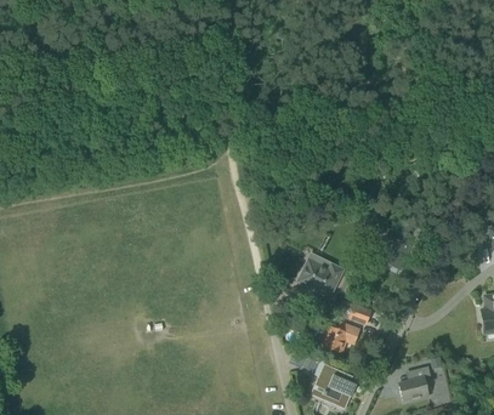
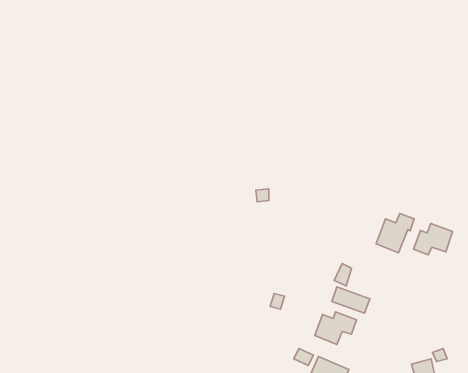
building: none -> [413,223,452,255]
building: [296,258,342,305] -> none

